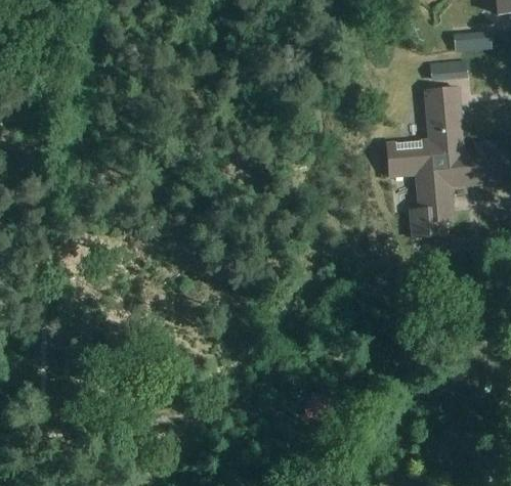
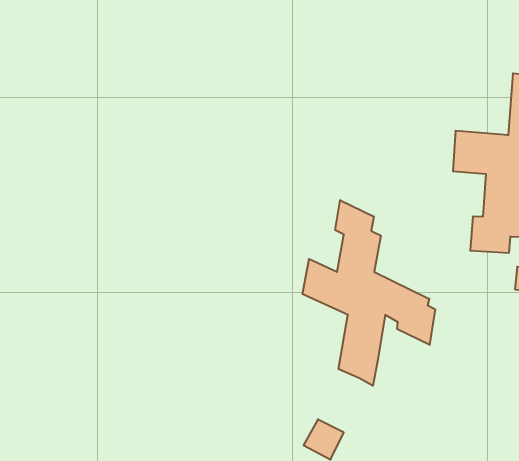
building: none -> [302,200,435,386]

